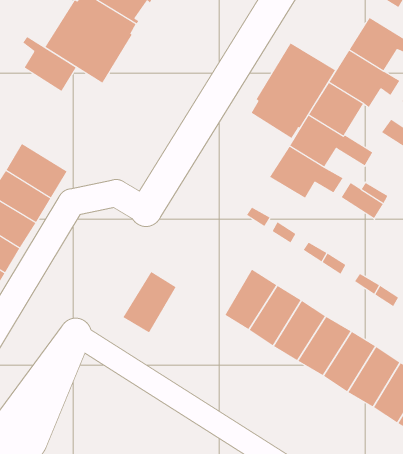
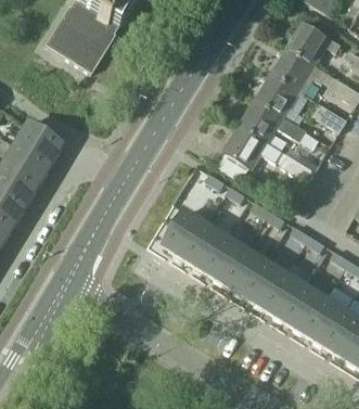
building: [22,36,77,92] -> none
building: [251,42,336,139] -> none
building: [122,271,177,333] -> [166,210,209,260]

